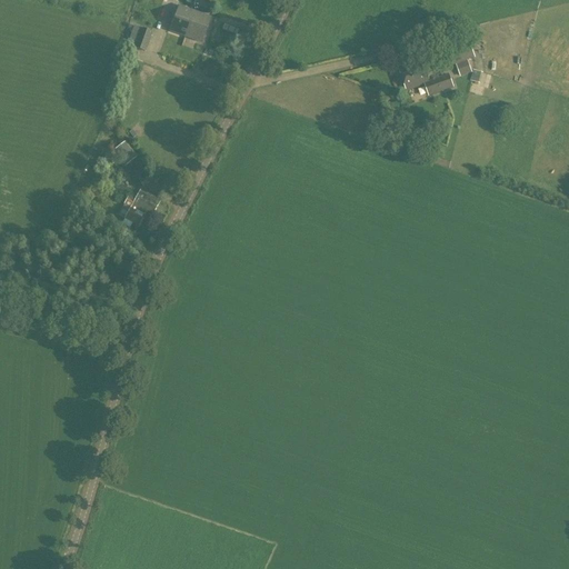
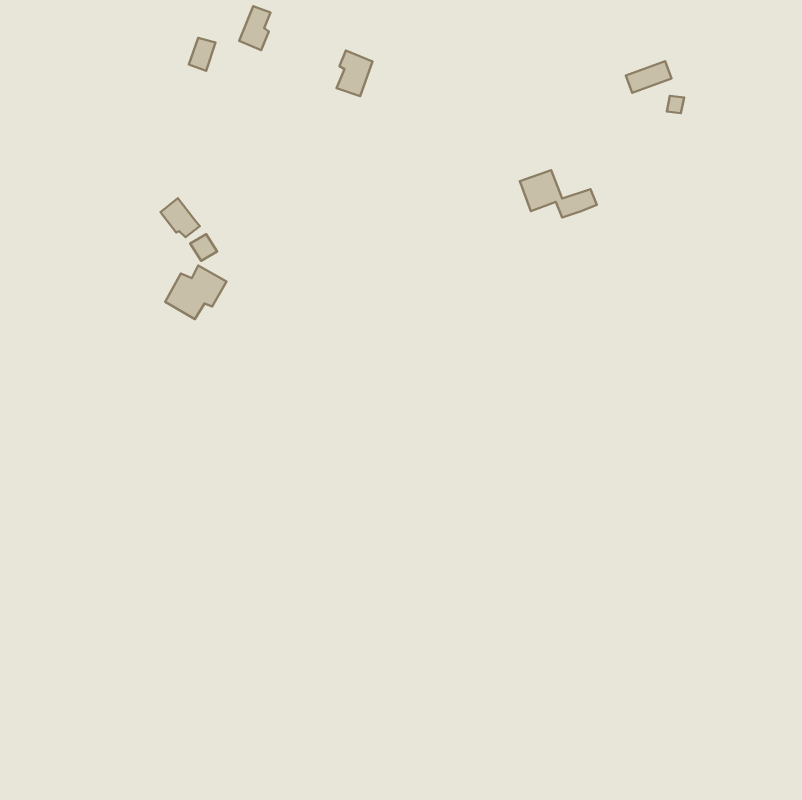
building: [186,9,211,41] -> [336,50,373,96]
building: [400,60,455,93] -> [520,170,597,217]

